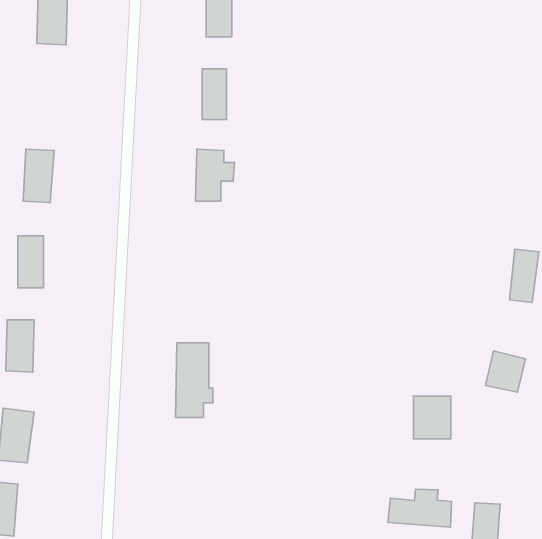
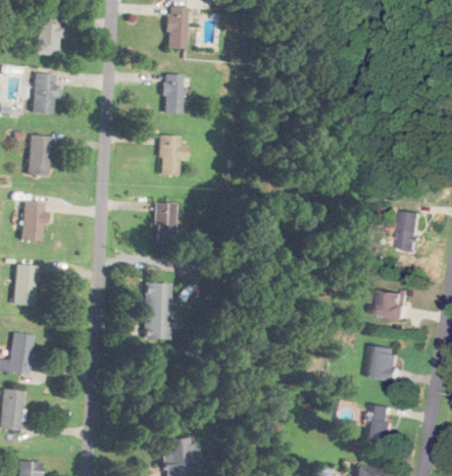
building: none -> [34,73,55,112]
building: none -> [155,203,175,241]
building: [414,396,451,439] -> [371,348,400,380]
building: [388,489,451,527] -> none

